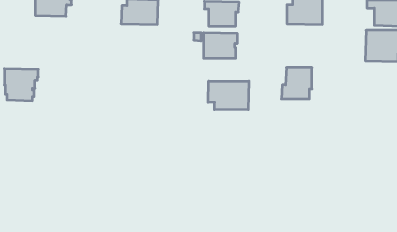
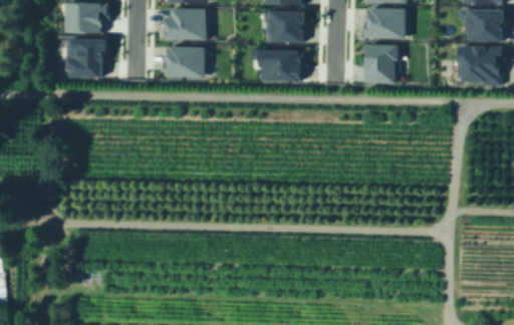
building: none -> [163,46,205,78]
building: [281,68,312,99] -> [360,44,398,82]
building: [4,69,38,101] -> [66,38,107,77]
building: [208,81,249,110] -> none

